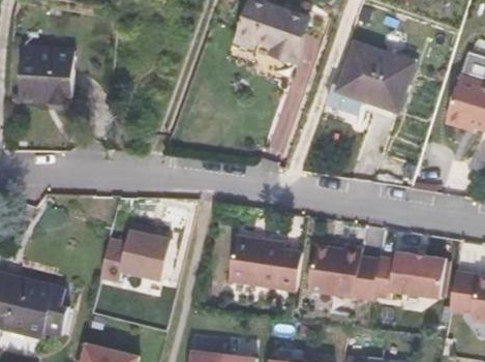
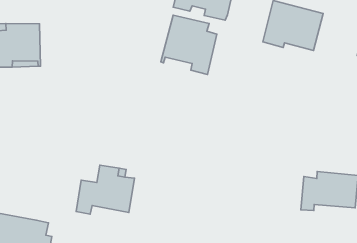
building: none -> [161,15,217,74]
building: [226,234,299,290] -> none
building: [306,241,376,296] -> none

